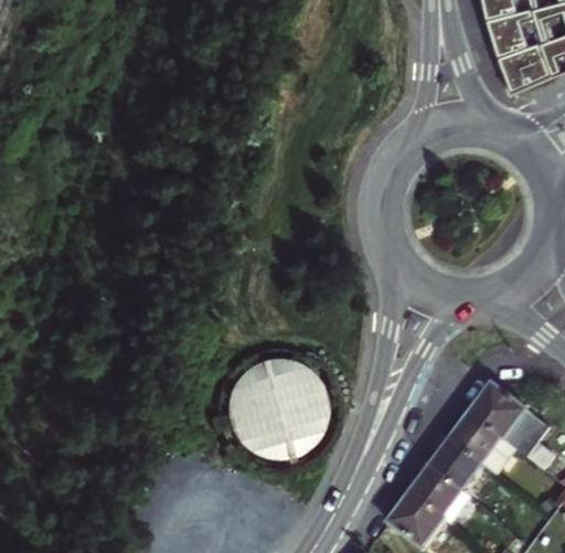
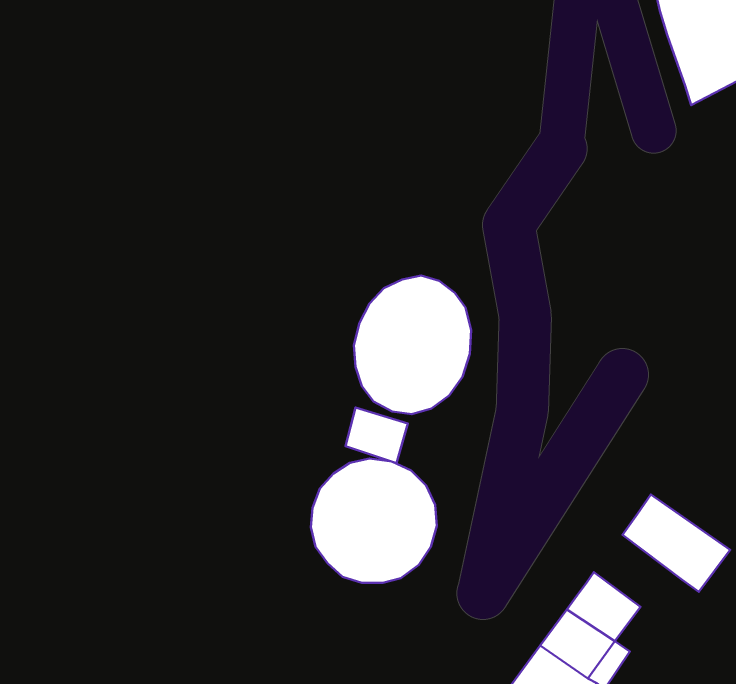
building: none -> [354,275,471,414]
building: none -> [345,407,408,463]
building: [443,413,508,474] -> none

